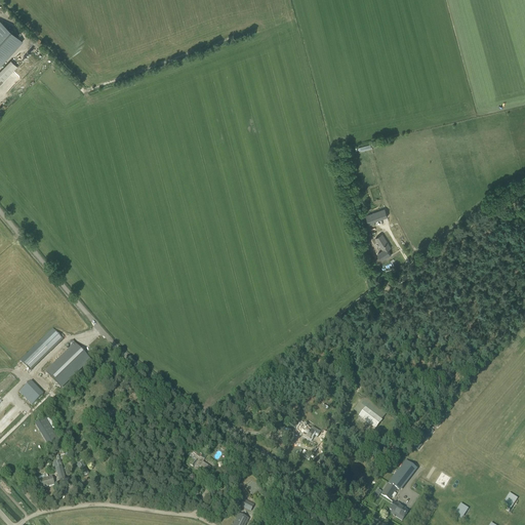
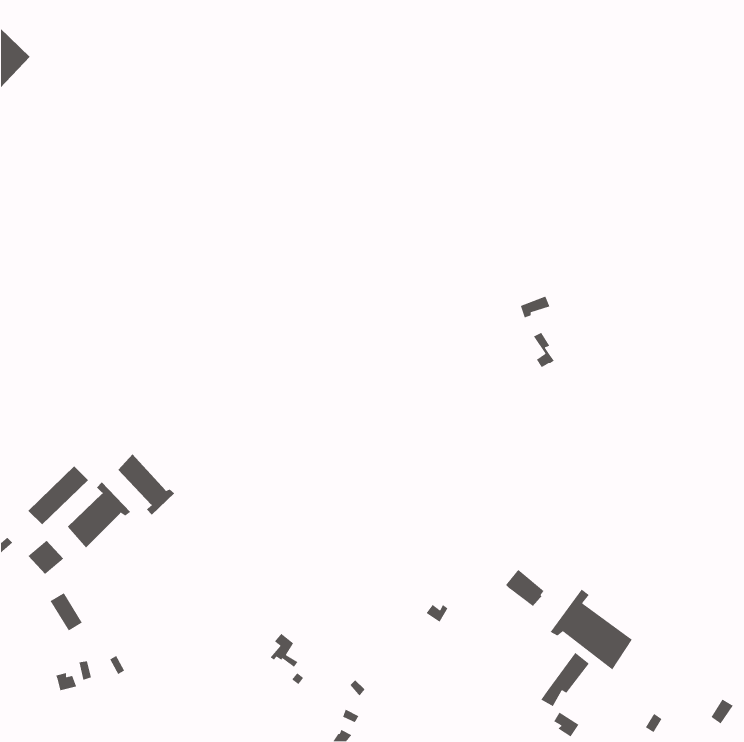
building: none -> [117,454,175,515]
building: none -> [550,588,633,670]

